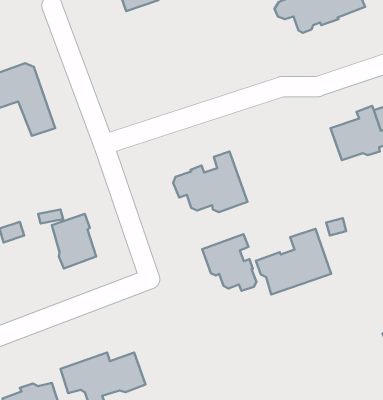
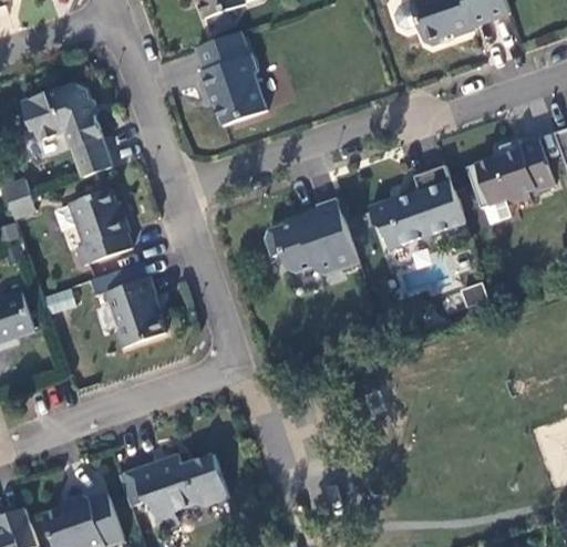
building: none -> [194,31,265,125]
building: none -> [70,189,130,265]
building: [256,229,331,294] -> [368,165,464,249]
building: [202,234,256,291] -> none

